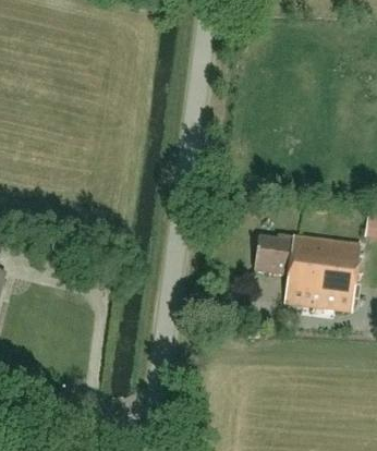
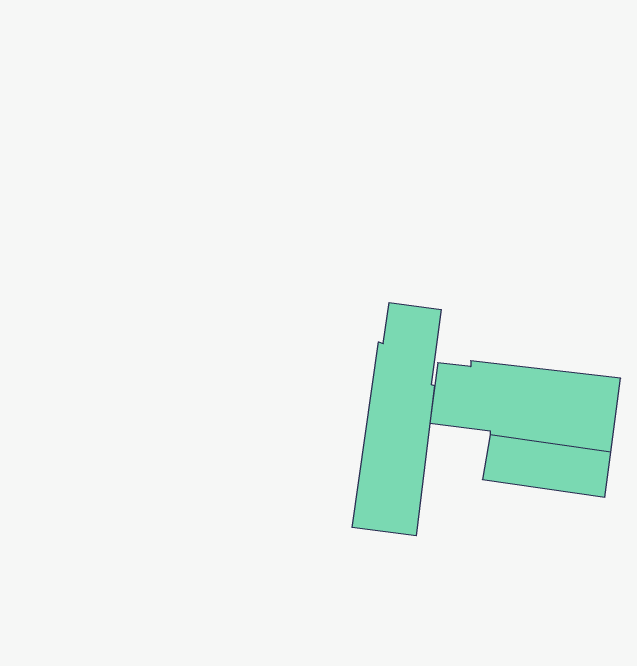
building: none -> [352,303,441,536]

